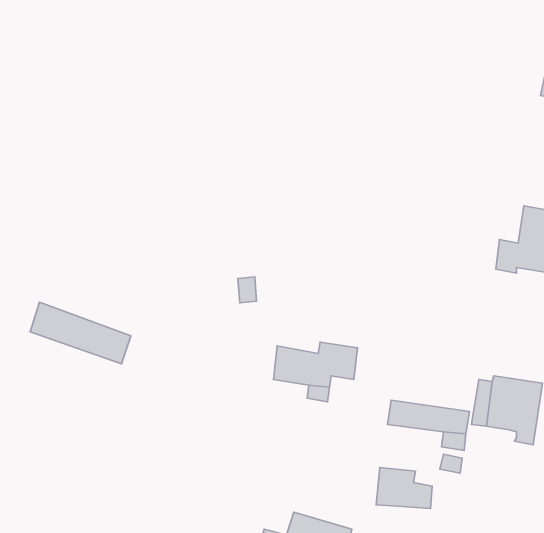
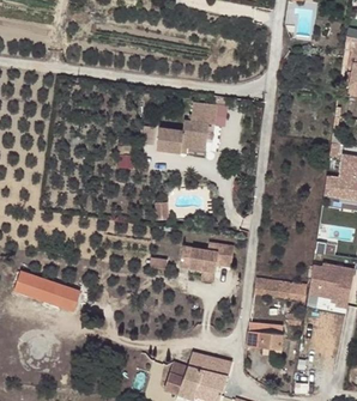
building: none -> [155,102,216,152]
building: [30,302,131,364] -> [14,271,79,310]

